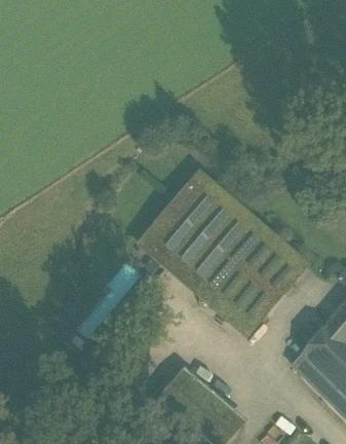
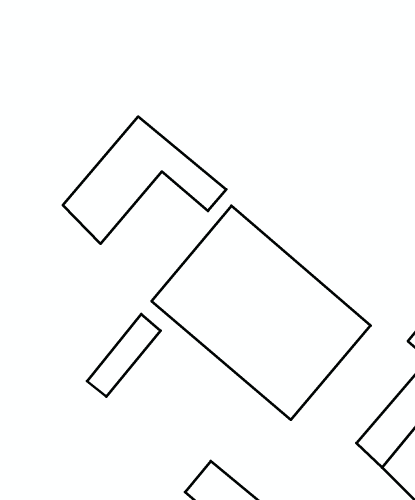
building: none -> [63,117,226,244]

